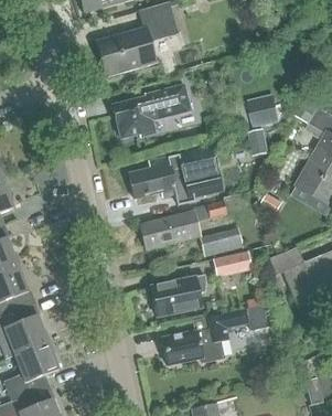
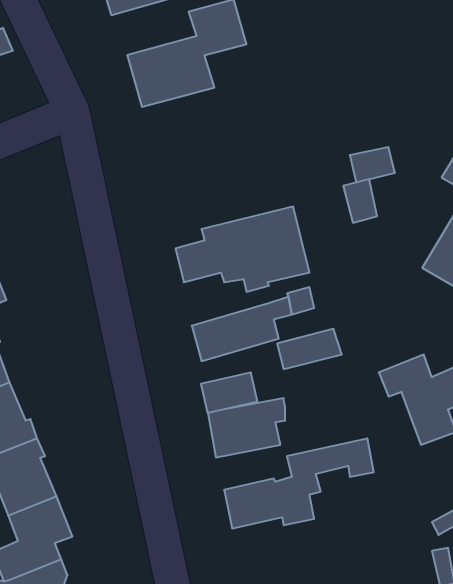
building: [114,82,192,138] -> none
building: [213,249,251,277] -> [201,372,257,413]

